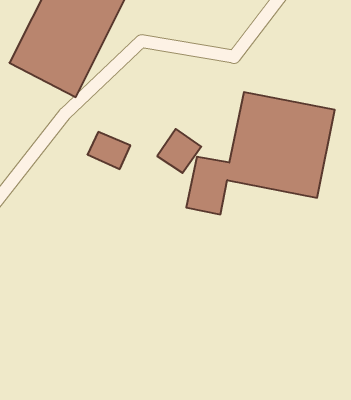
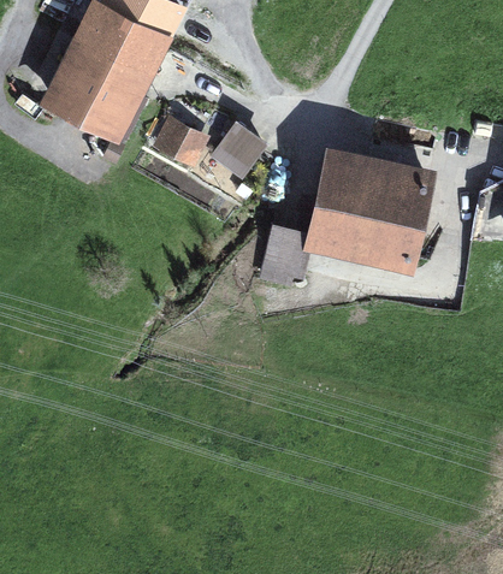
building: [157,129,201,173] -> [208,126,262,181]
building: [87,132,130,169] -> [152,126,205,172]

